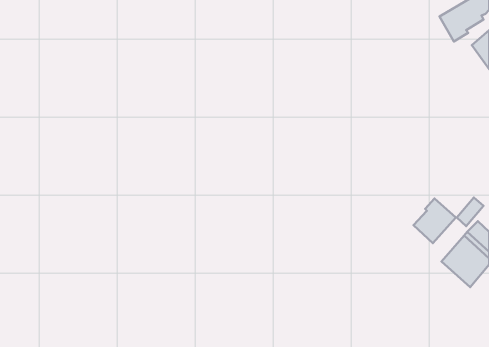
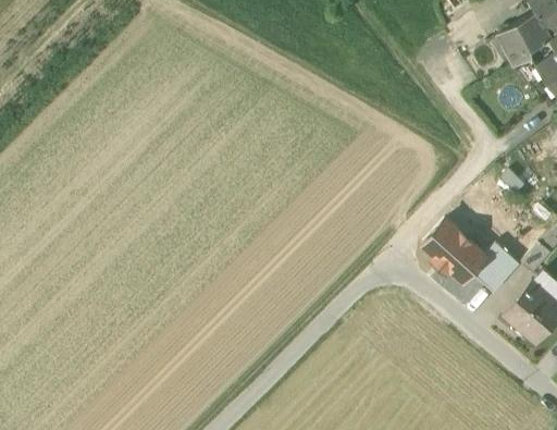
building: none -> [420,219,485,282]

